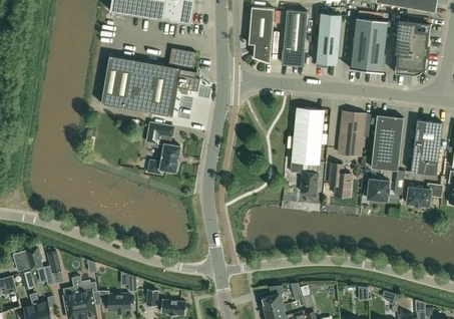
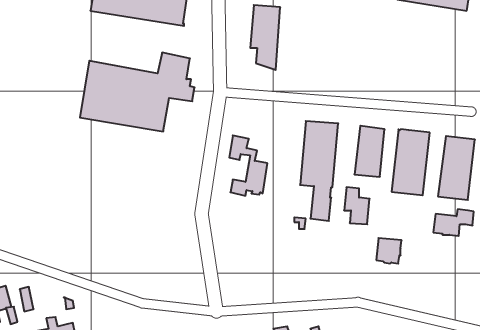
building: [281,9,307,65] -> none
building: [316,12,341,66] -> none
building: [350,17,387,74] -> none
building: [394,20,430,74] -> none
building: [146,121,179,174] -> [229,135,267,196]
building: [367,179,389,201] -> [376,238,402,264]

